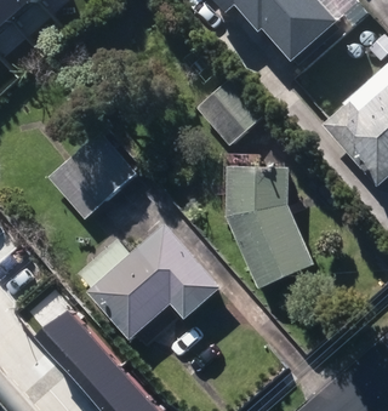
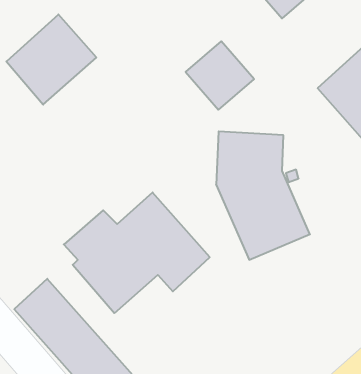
building: [51,133,137,219] -> [6,14,96,105]

